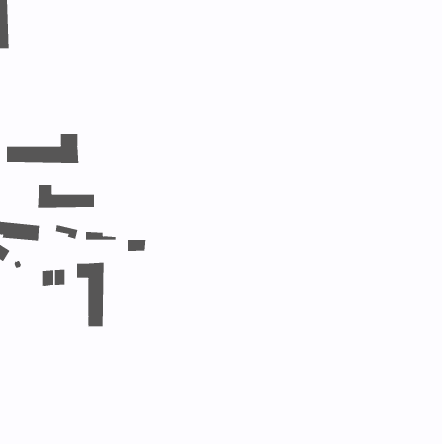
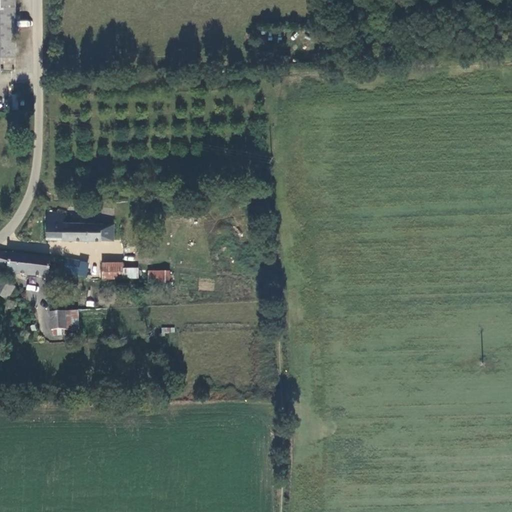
building: [6,133,79,164] -> none
building: [77,262,104,327] -> none

